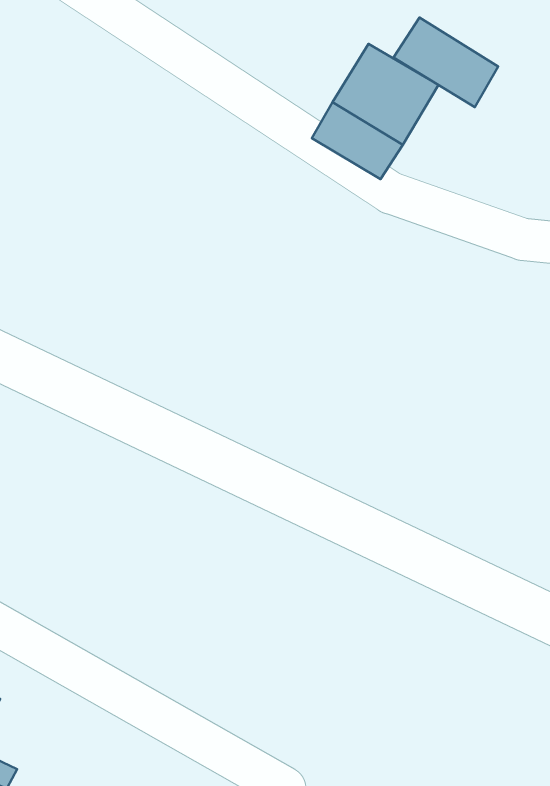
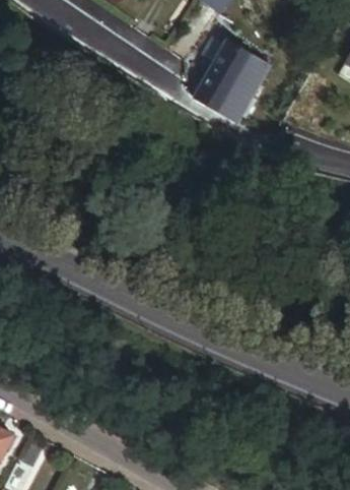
building: [394,18,498,107] -> none

